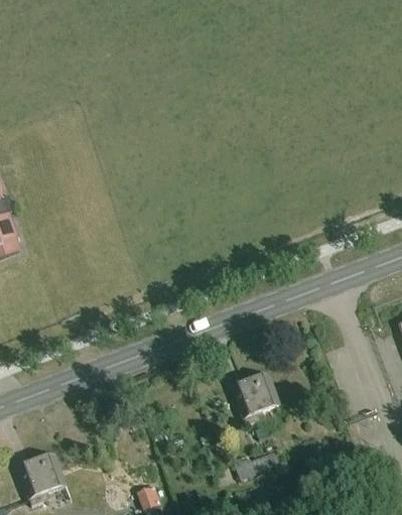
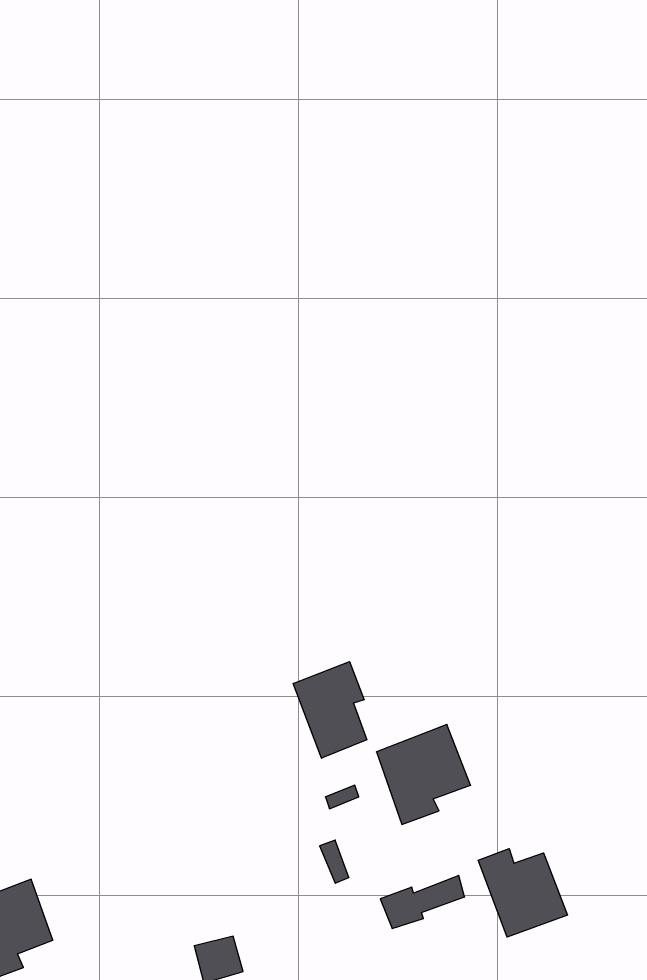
building: none -> [293,662,367,758]
building: none -> [478,849,568,937]

